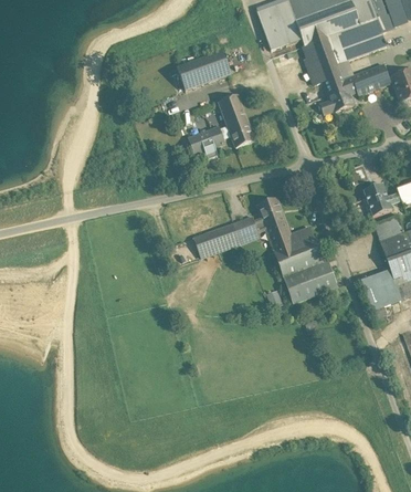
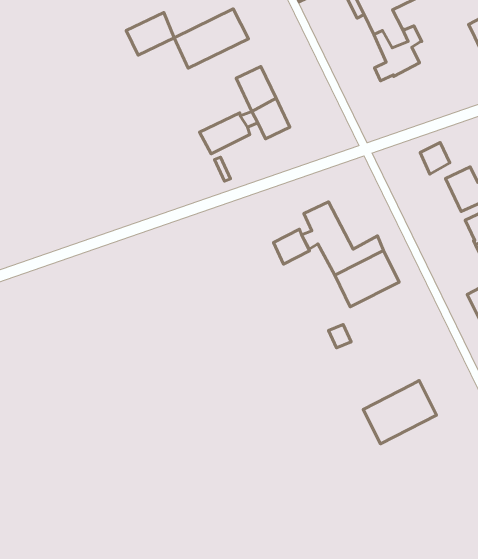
building: none -> [126,12,174,55]
building: [351,65,389,94] -> none
building: [193,223,239,257] -> none
building: [283,260,336,303] -> [363,381,437,444]

